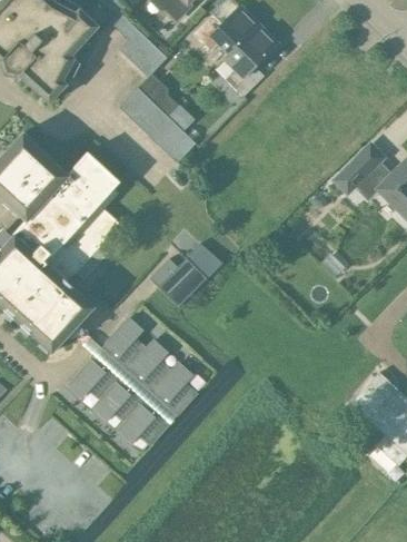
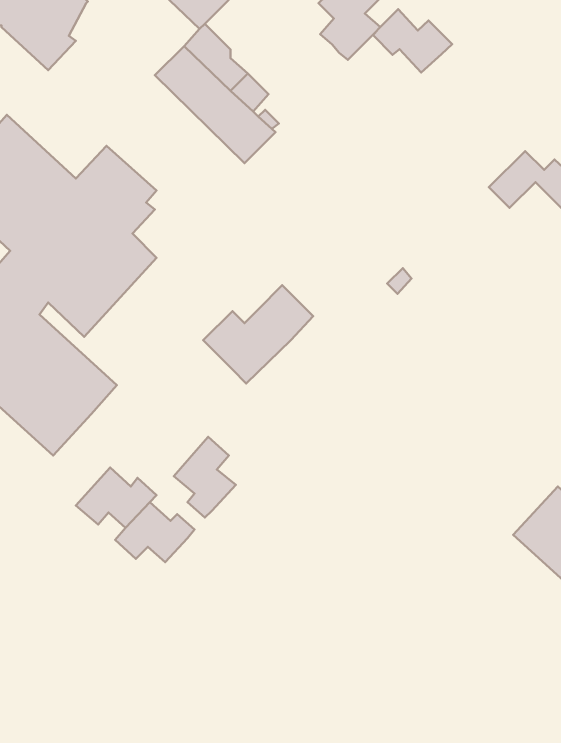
building: none -> [373,9,452,73]
building: [107,318,146,371] -> none
building: [156,363,196,415] -> none
building: [118,406,170,445] -> none

